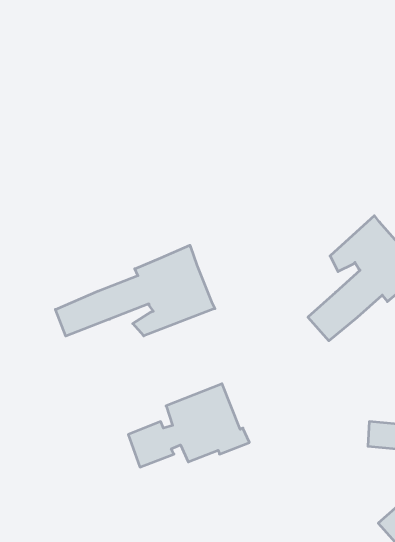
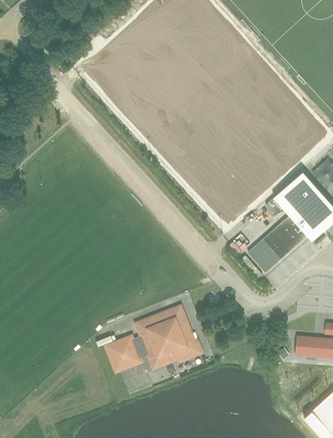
building: [55,245,215,336] -> none

